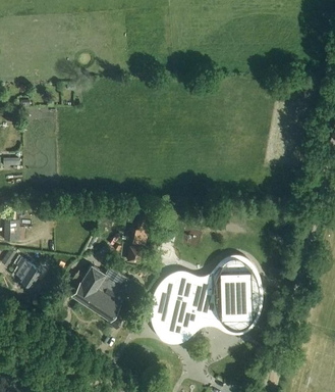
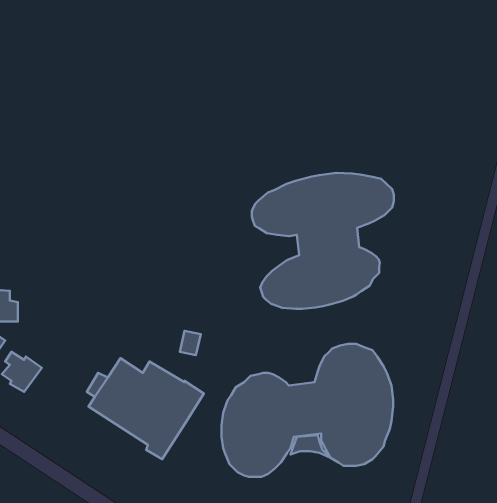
building: none -> [252,173,394,309]

